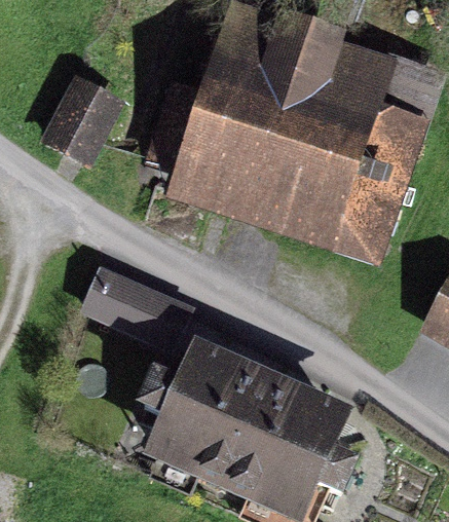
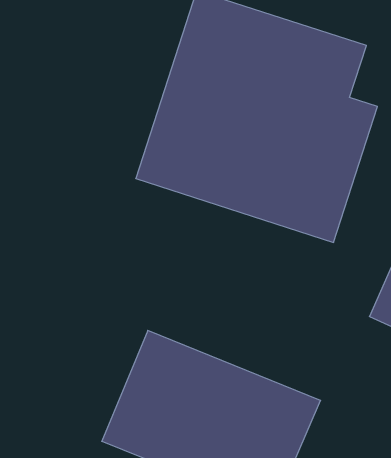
building: [42,55,133,154] -> none
building: [82,262,197,346] -> none

